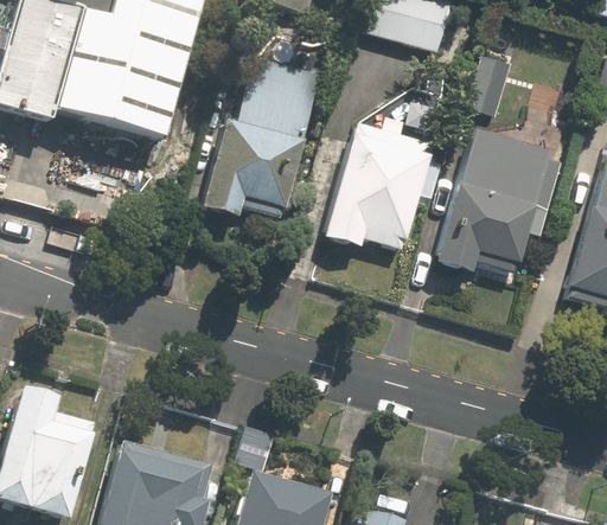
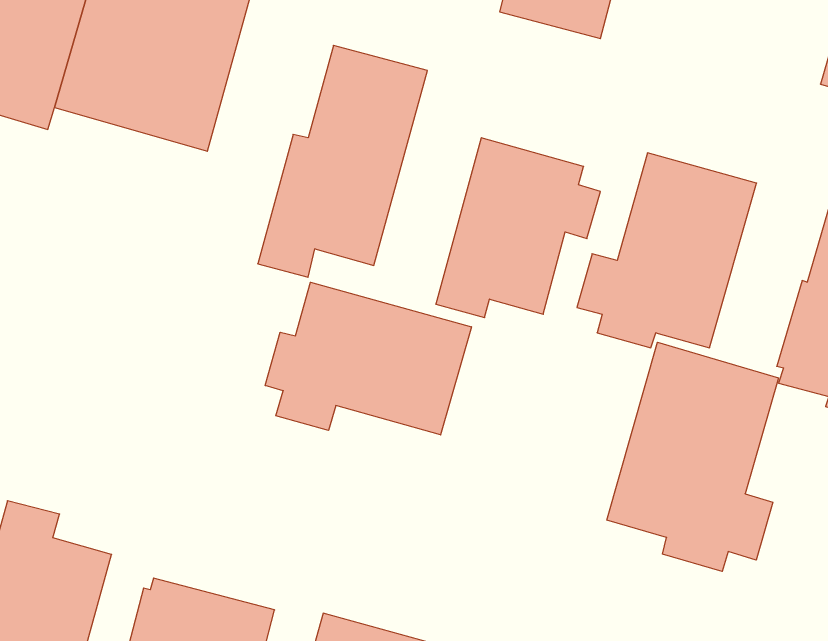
building: [464,58,513,121] -> none
building: none -> [265,282,471,435]
building: none -> [607,342,779,571]

